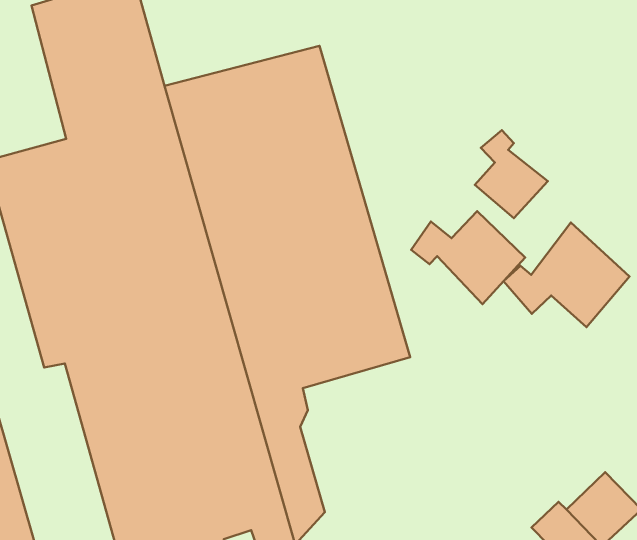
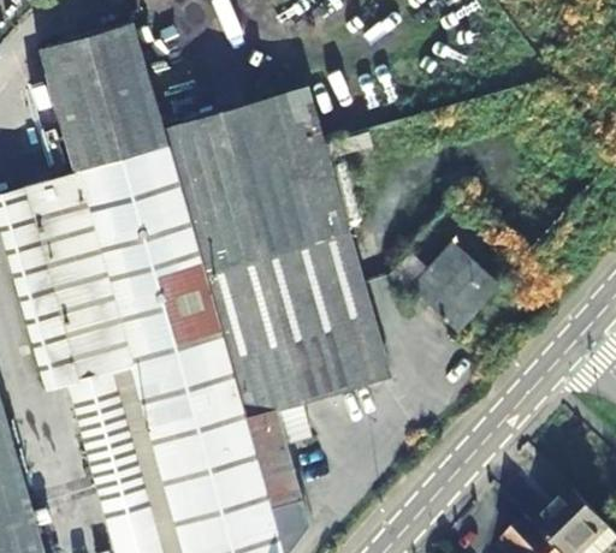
building: [475,130,548,218] -> none
building: [504,223,630,327] -> none

